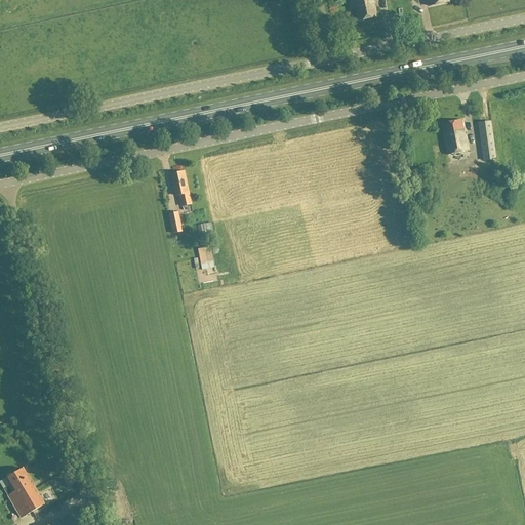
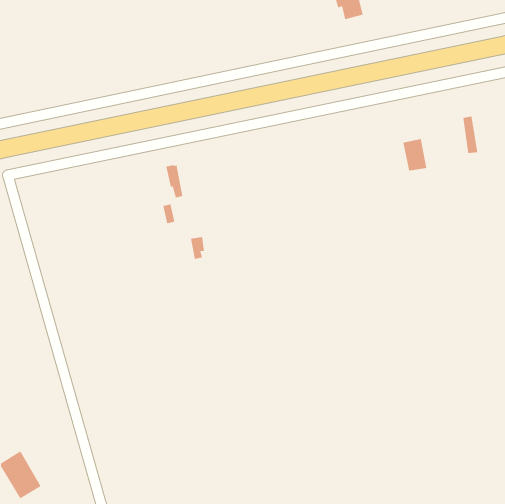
building: [442,119,468,153] -> [403,139,427,171]

